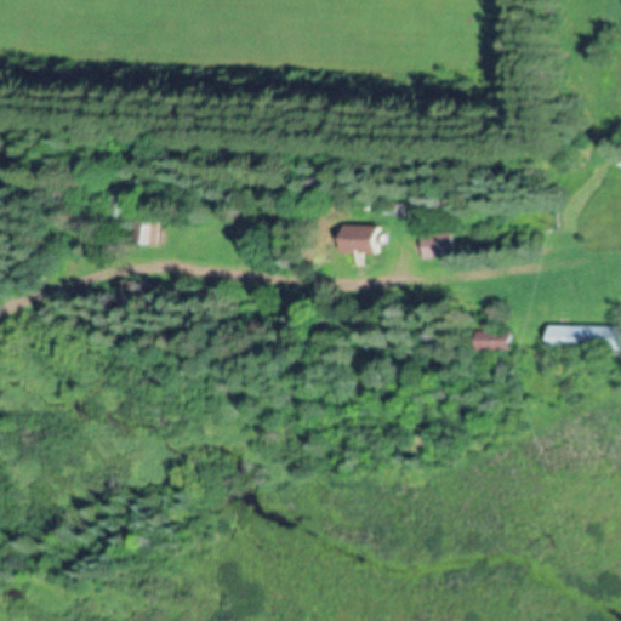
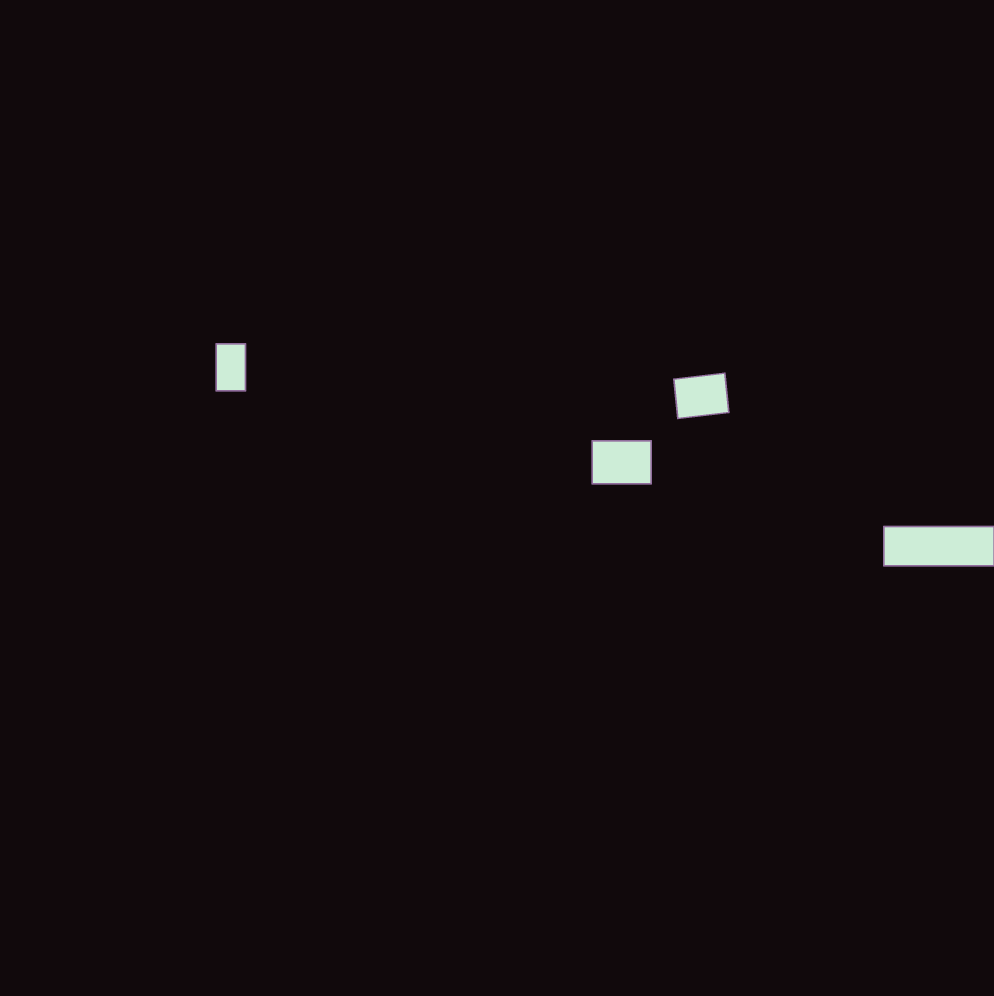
building: [342,227,378,253] -> [592,441,651,484]
building: [469,329,506,349] -> none

